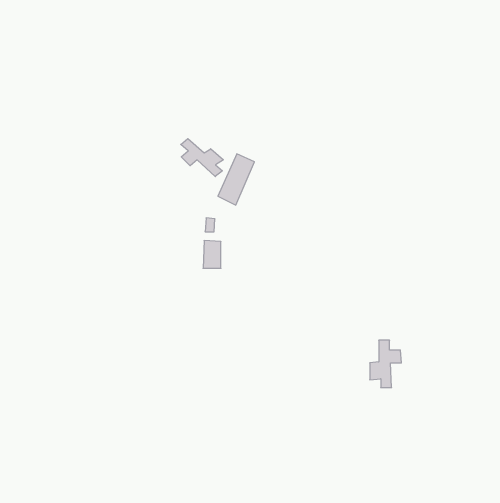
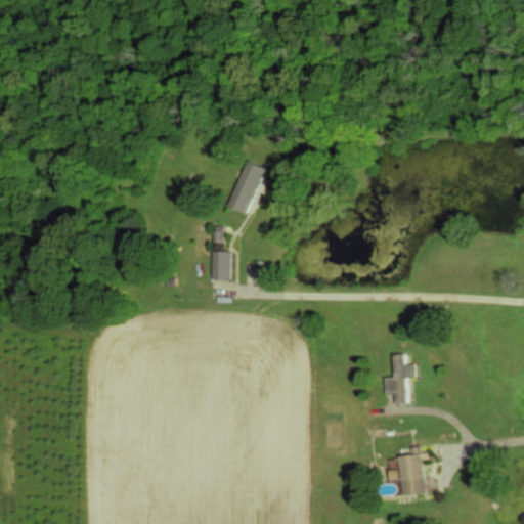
building: [181,139,223,177] -> none
building: none -> [388,446,426,495]

